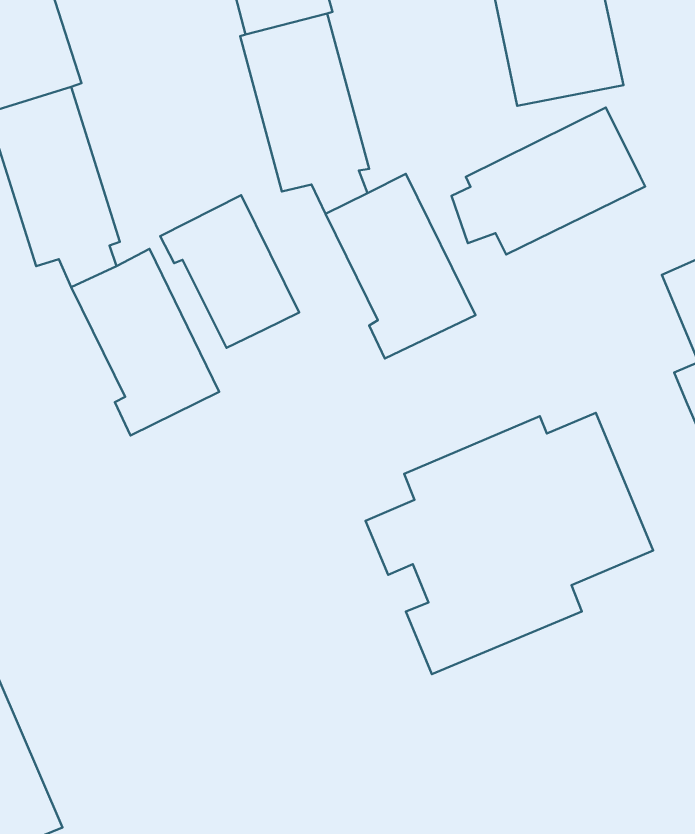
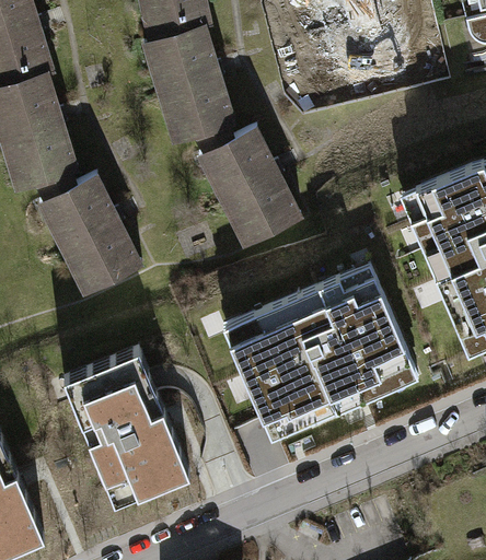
building: [451,108,645,254] -> none
building: [160,195,299,348] -> none
building: none -> [60,351,186,506]

